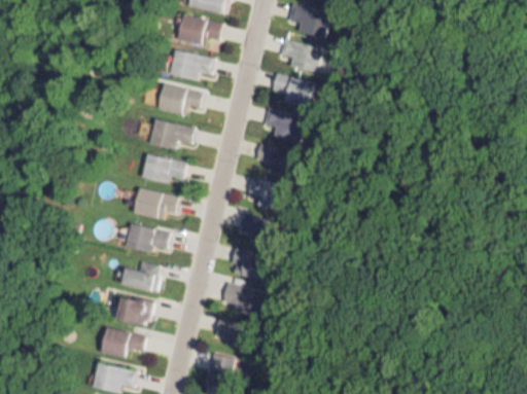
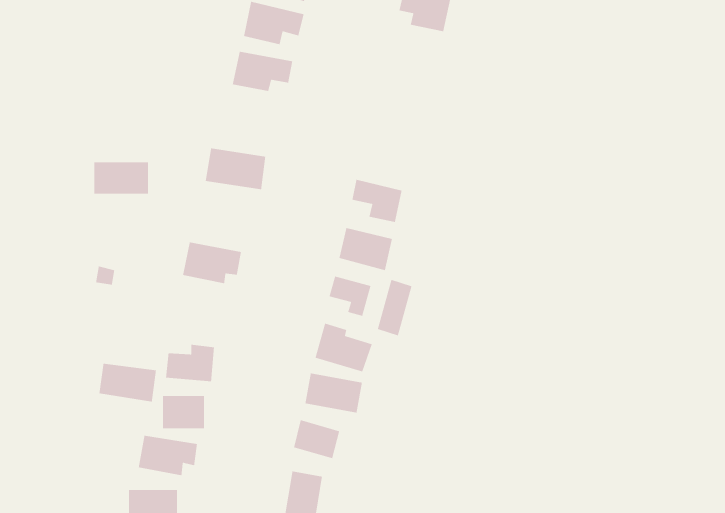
building: [279,37,320,71] -> none
building: [269,72,314,105] -> none
building: [157,83,202,114] -> none
building: [264,107,304,140] -> none
building: [144,156,184,180] -> [93,162,149,194]
building: none -> [377,279,412,337]
building: [127,224,169,253] -> [99,363,157,403]

